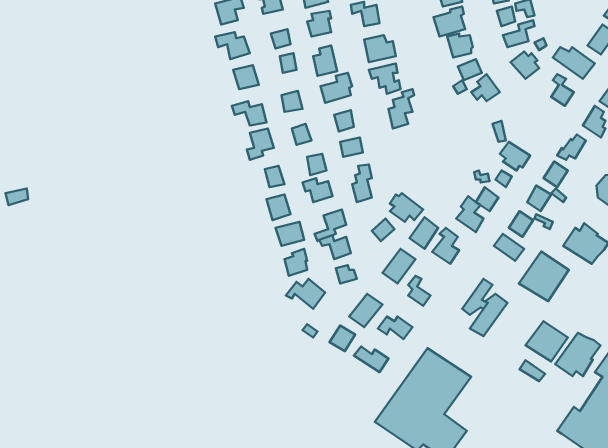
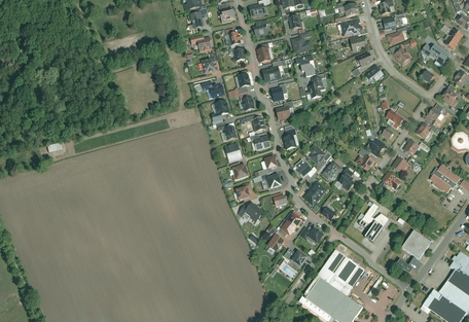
building: [519,252,569,301] -> none
building: [555,333,601,376] -> none

